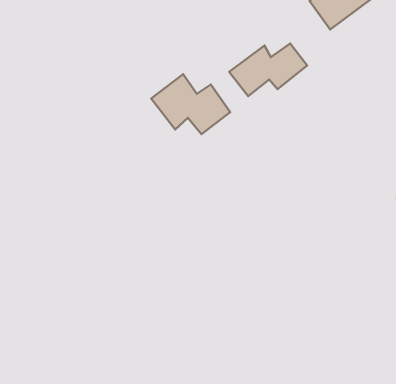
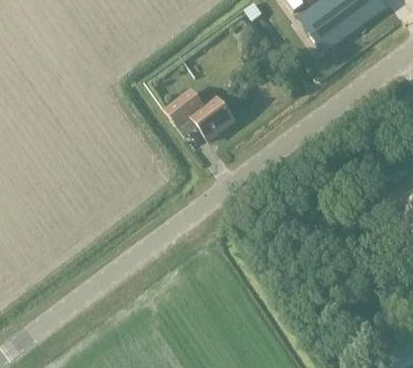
building: [229,44,307,96] -> none

